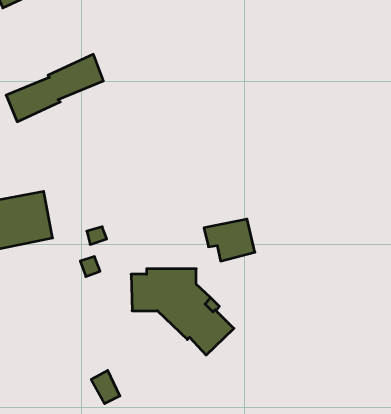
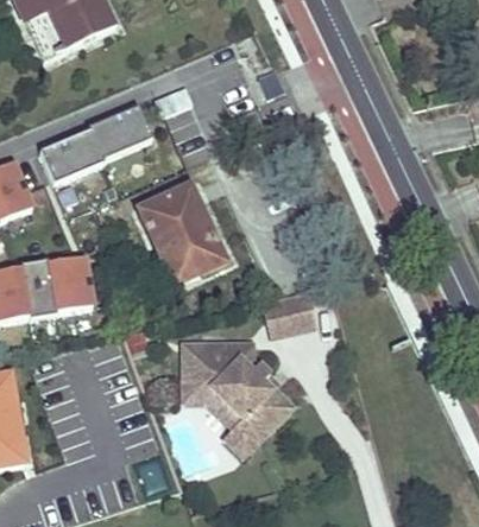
building: none -> [139,182,225,281]
building: none -> [182,383,263,452]

